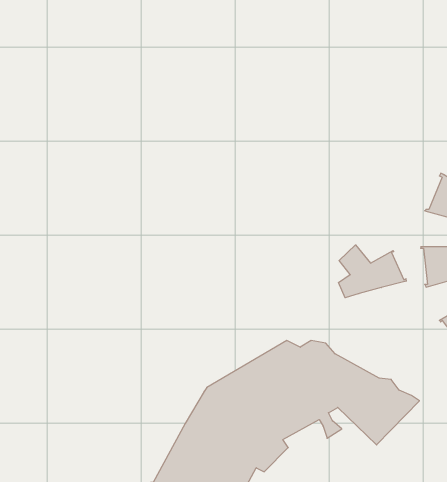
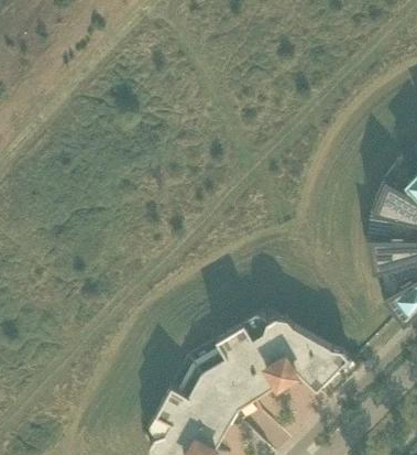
building: [339,245,406,298] -> none

